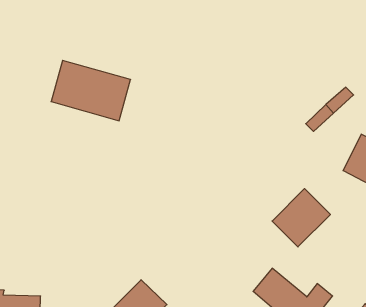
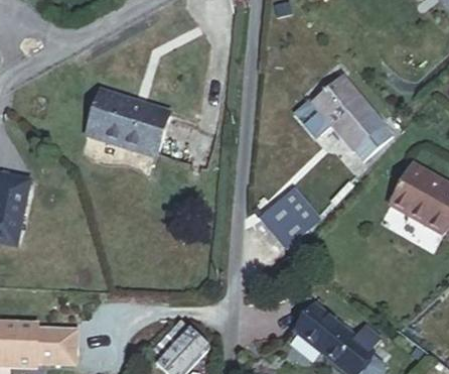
building: none -> [311,75,383,149]
building: [272,189,330,247] -> [258,186,319,248]

